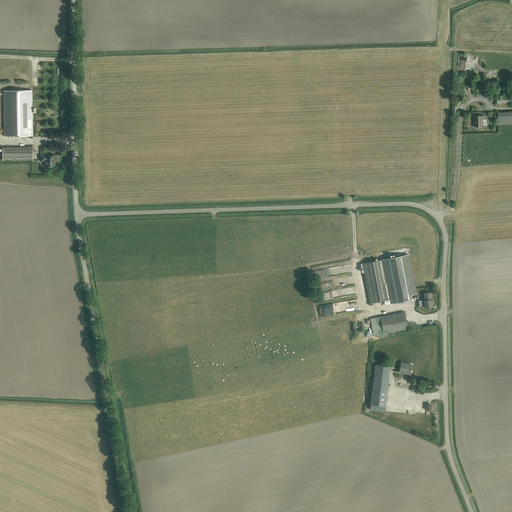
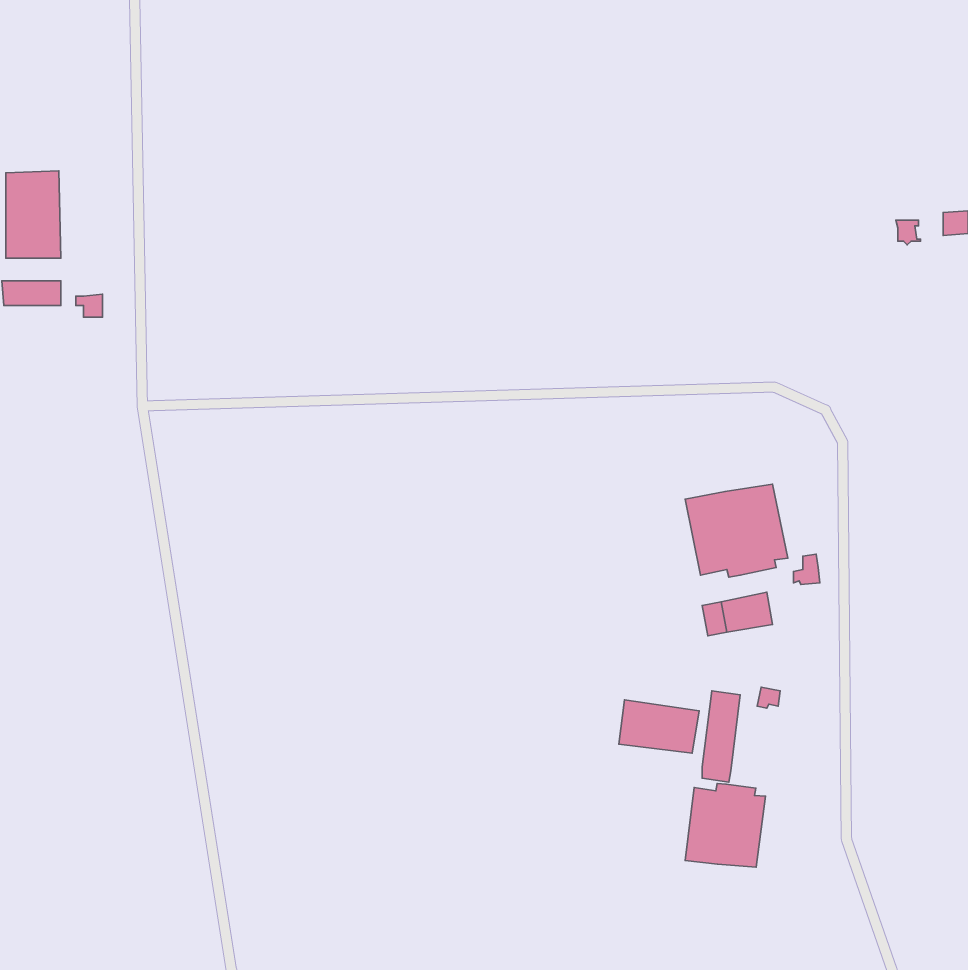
building: none -> [619,700,699,753]
building: none -> [685,783,765,867]

